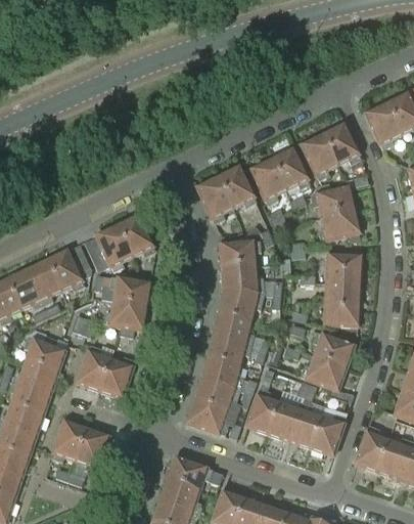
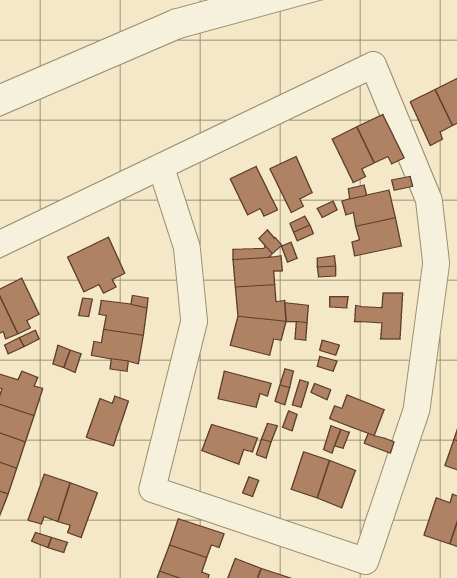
building: [272,148,310,189] -> none
building: [197,177,232,223] -> none
building: [118,216,155,257] -> none
building: [46,244,91,290] -> none
building: [326,254,361,283] -> none
building: [324,295,358,325] -> none
building: [213,314,254,346] -> none
building: [312,332,353,367] -> none
building: [78,345,110,390] -> none
building: [202,358,243,391] -> none
building: [245,388,278,433] -> none
building: [187,401,228,435] -> none
building: [310,416,344,455] -> none
building: [355,426,387,471] -> none

